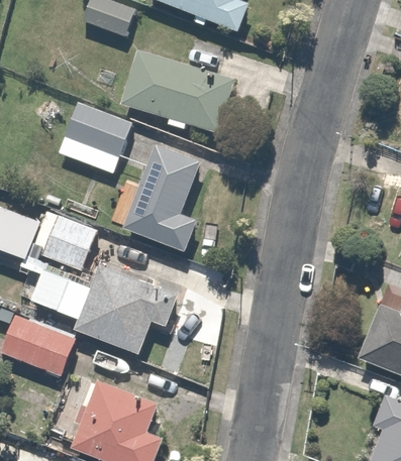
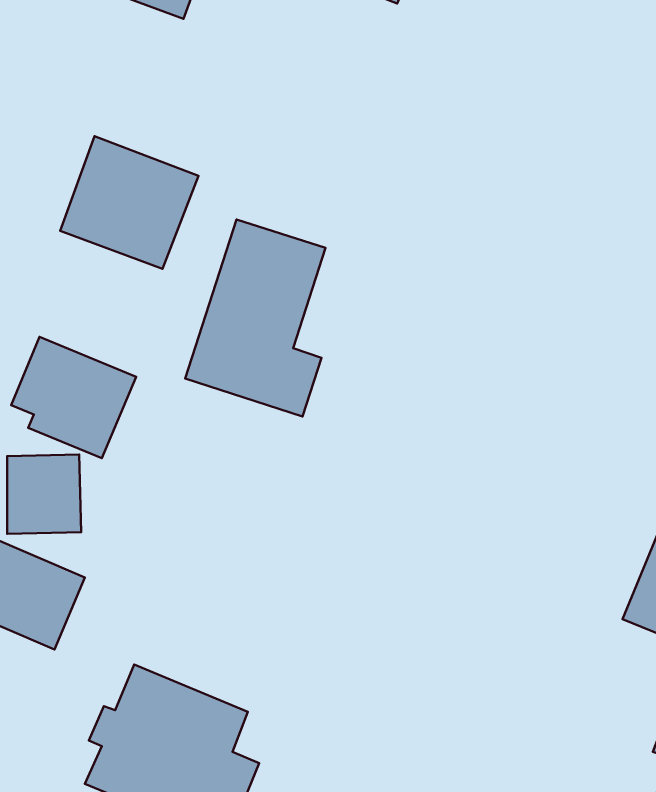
building: [121,48,237,134] -> none
building: [73,265,176,357] -> none

